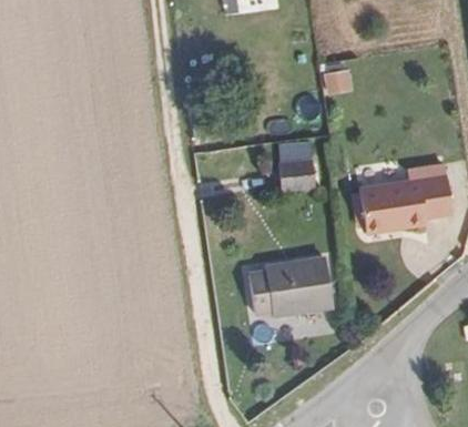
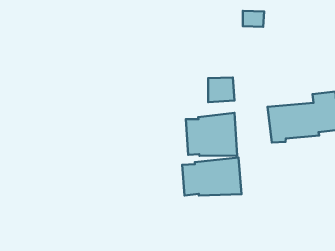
building: none -> [186,113,237,156]

